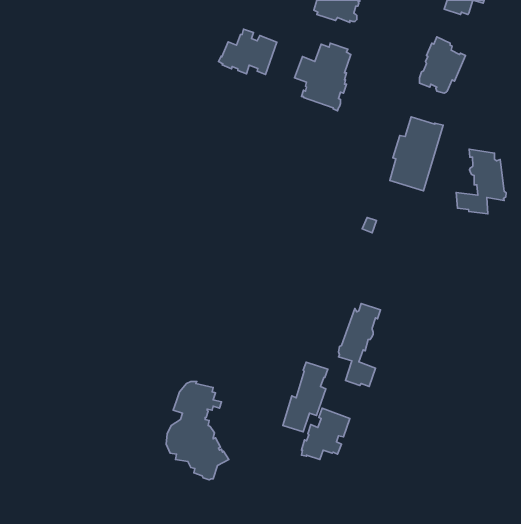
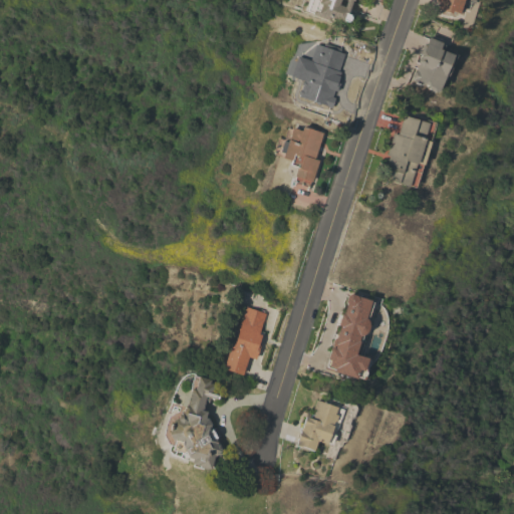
building: [218,29,277,75] -> none
building: none -> [282,126,324,187]
building: [456,149,506,214] -> none
building: [283,362,328,432] -> [224,306,268,374]

